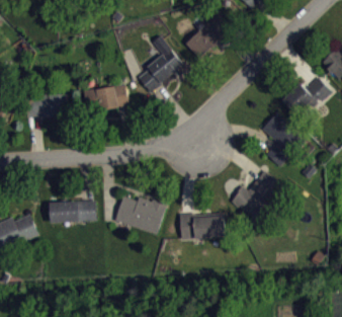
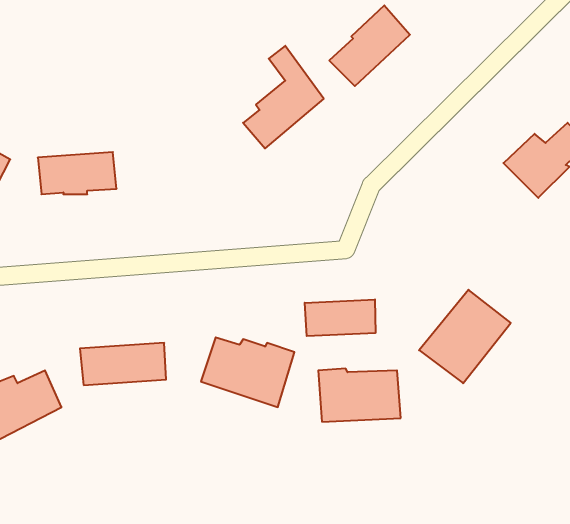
building: [82,83,127,112] -> none
building: [261,111,304,165] -> none
building: none -> [305,299,375,336]

